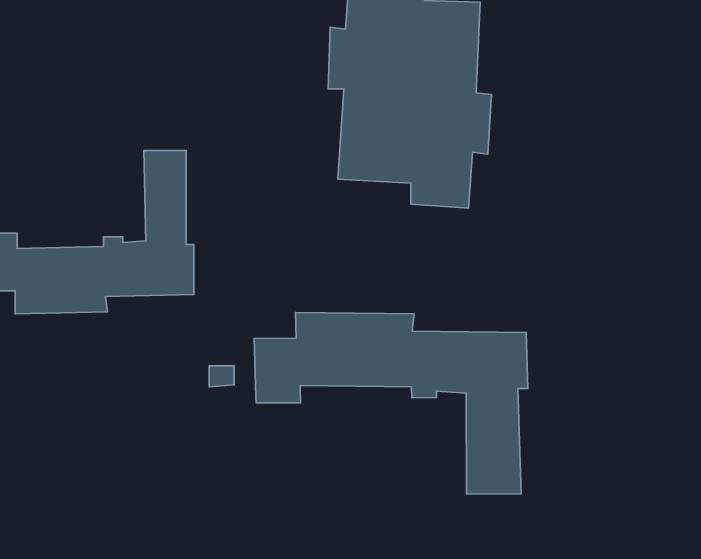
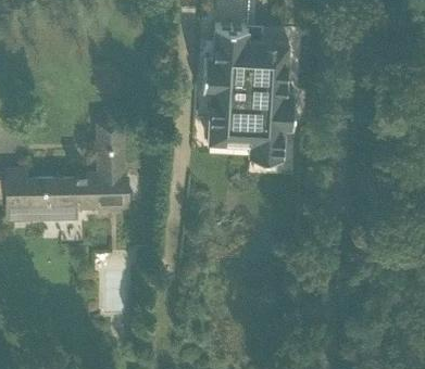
building: [254,312,528,494] -> none

